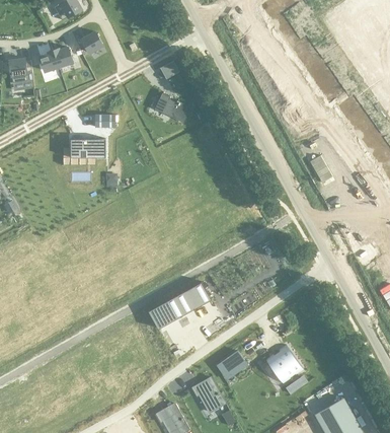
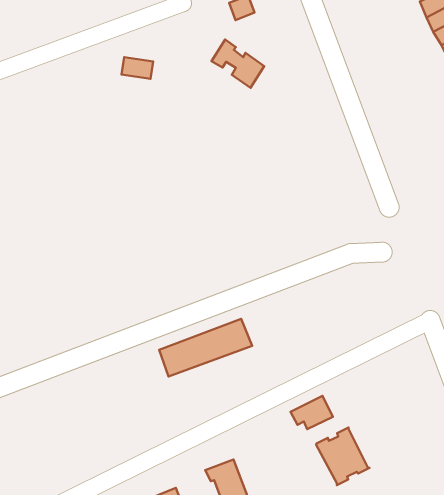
building: [70,138,104,157] -> none
building: [217,351,246,375] -> [290,396,333,429]

